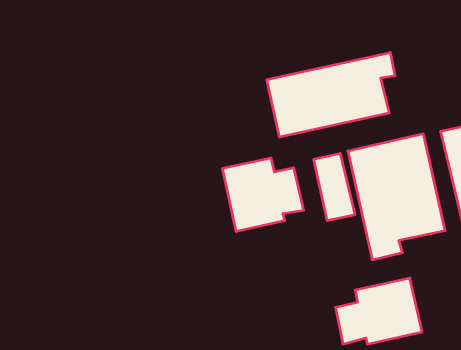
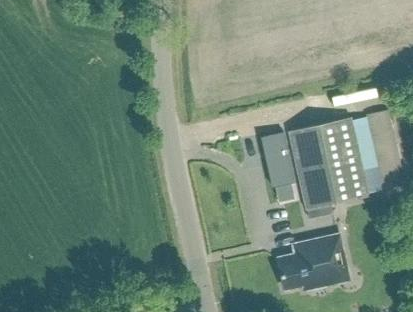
building: [267,52,395,137] -> none
building: [223,158,304,232] -> none

